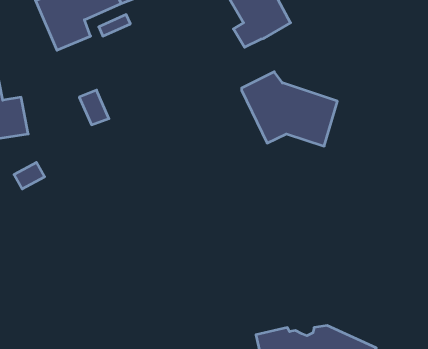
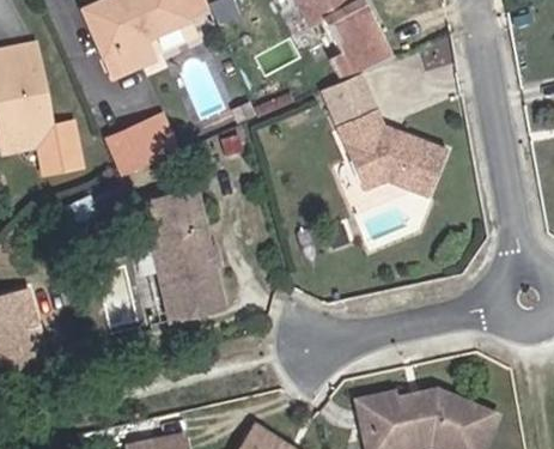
building: none -> [316,56,370,114]
building: none -> [108,125,156,172]
building: none -> [145,187,224,313]

